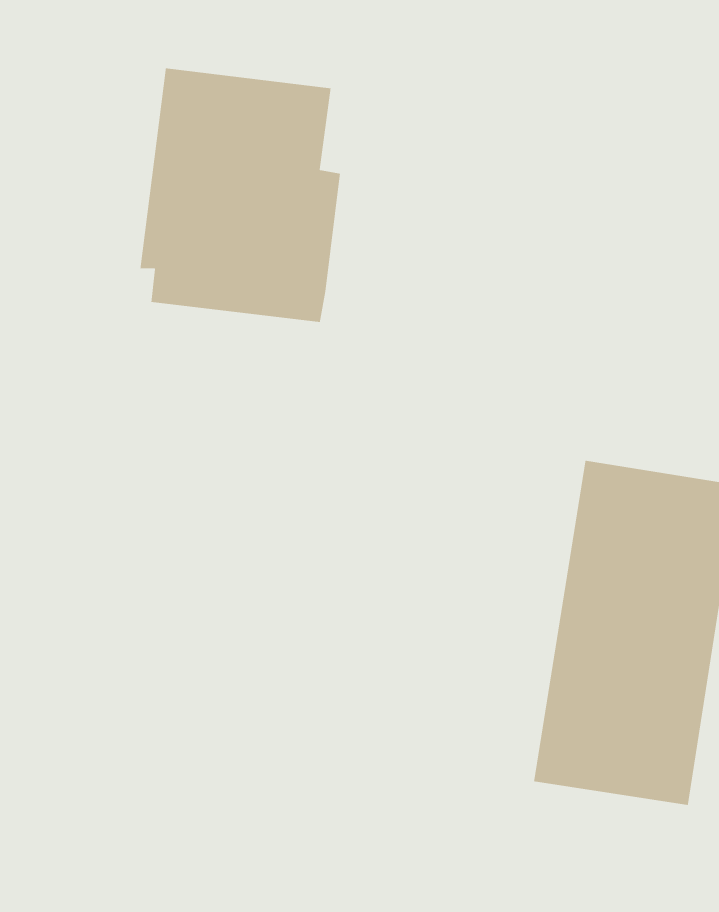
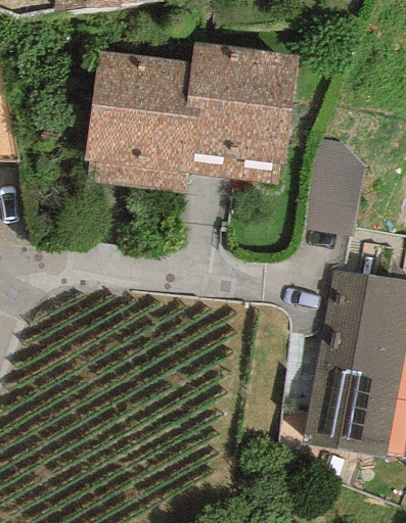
building: none -> [183,39,297,185]

